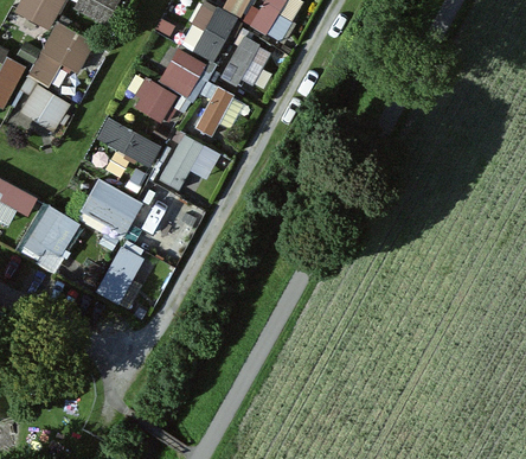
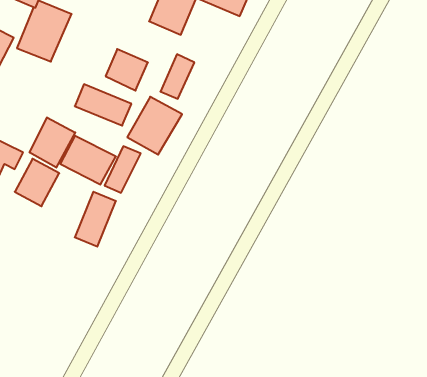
building: [223,37,269,89] -> none
building: [156,46,207,97] -> none
building: [20,83,71,132] -> none
building: none -> [30,117,75,168]

